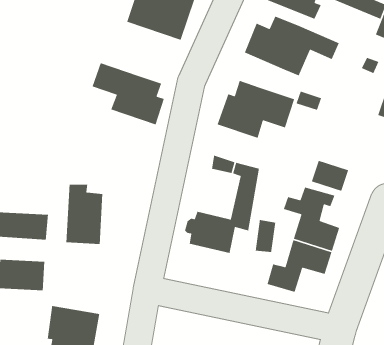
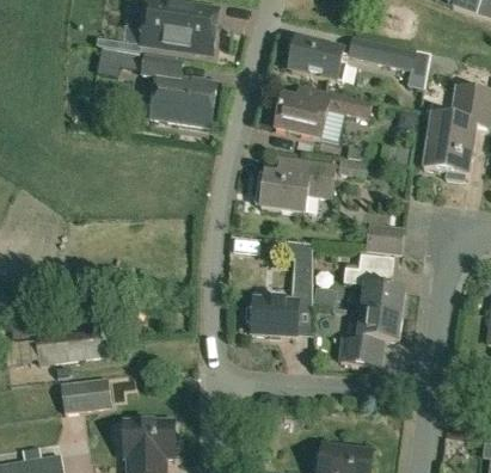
building: [91,62,165,125] -> none
building: [65,184,103,245] -> none

